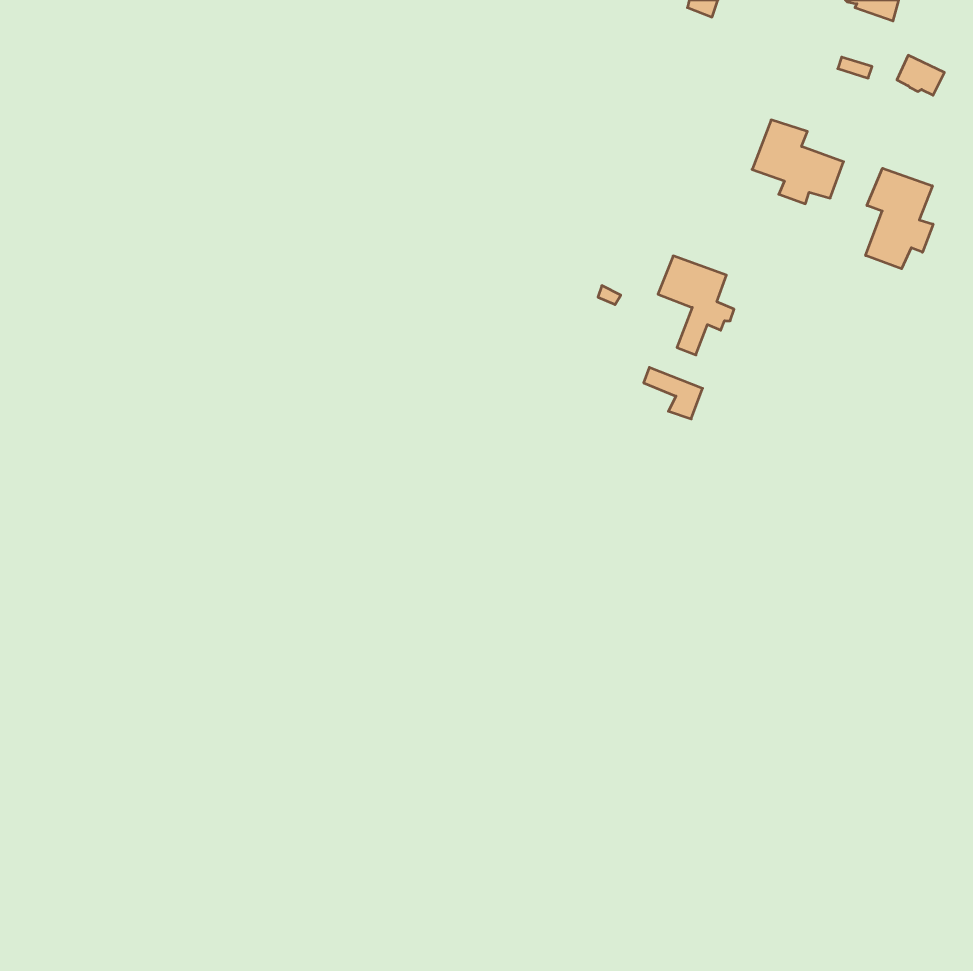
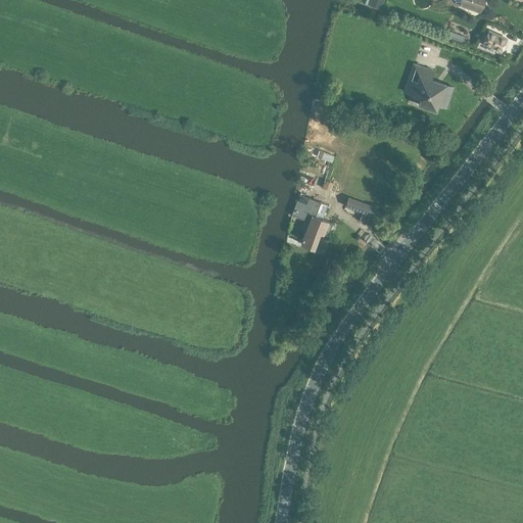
building: [866,168,933,269] -> none
building: [658,256,734,355] -> [291,195,332,248]

